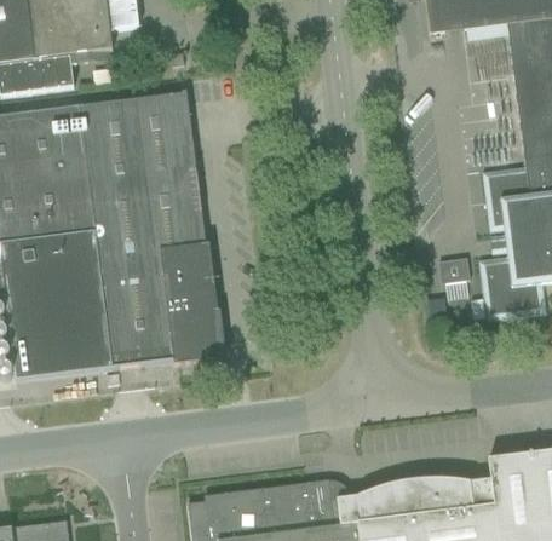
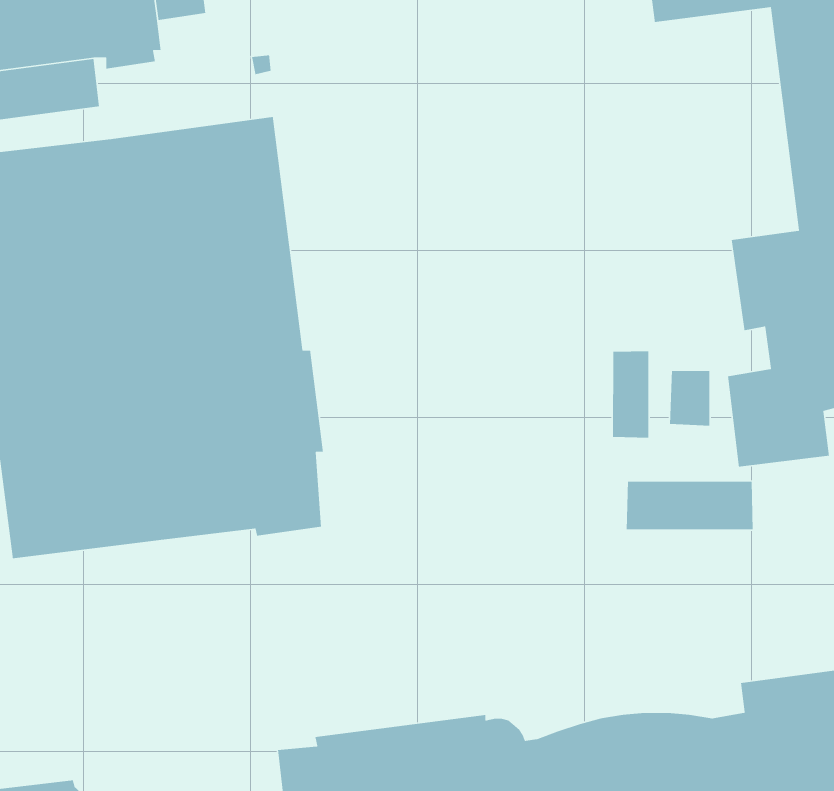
building: none -> [612,350,649,438]
building: none -> [626,481,753,530]

